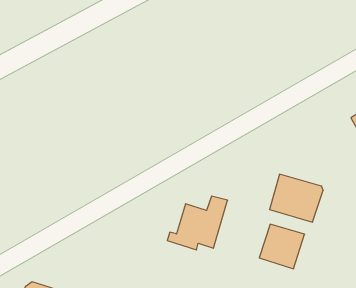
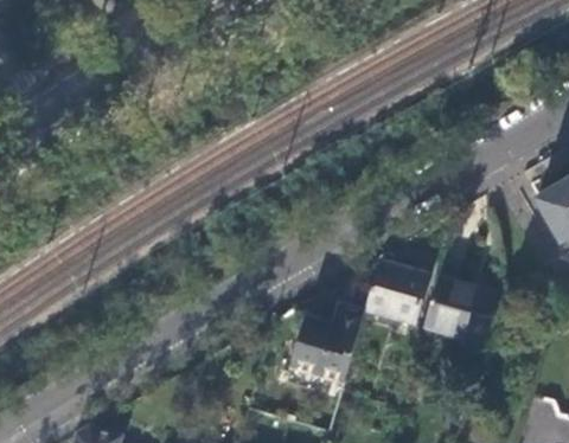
building: [259,224,305,269] -> [363,264,427,327]

